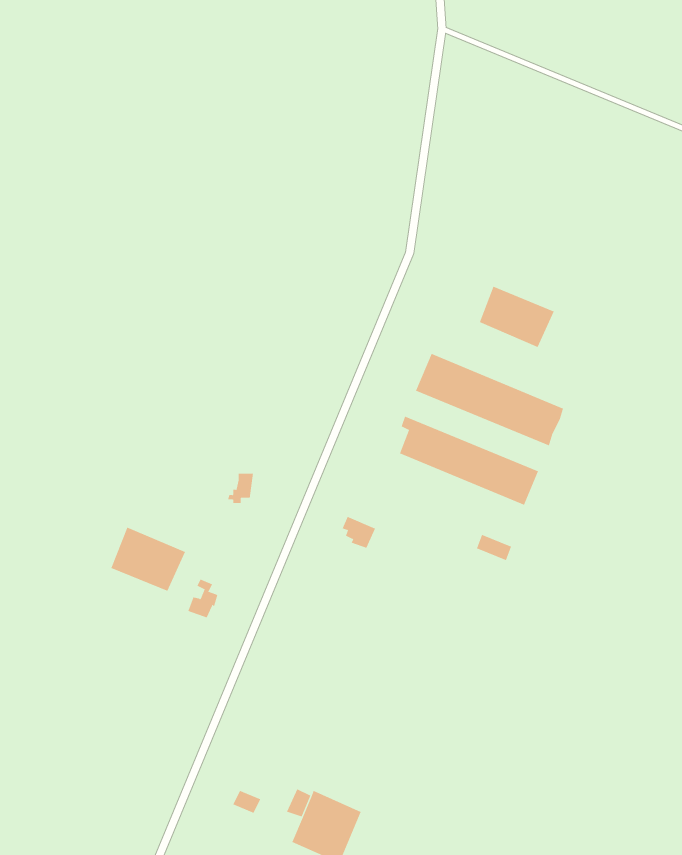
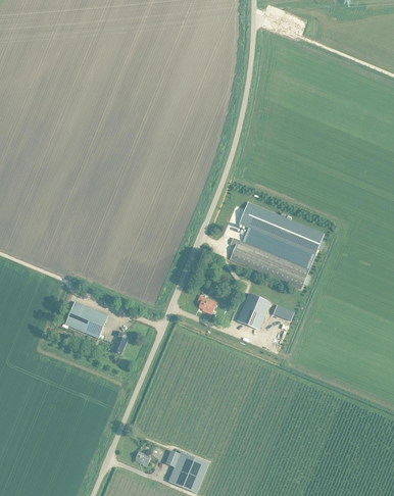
building: [479,286,554,348] -> none
building: none -> [236,293,269,330]

